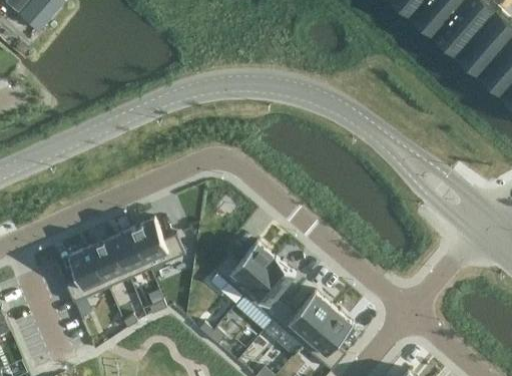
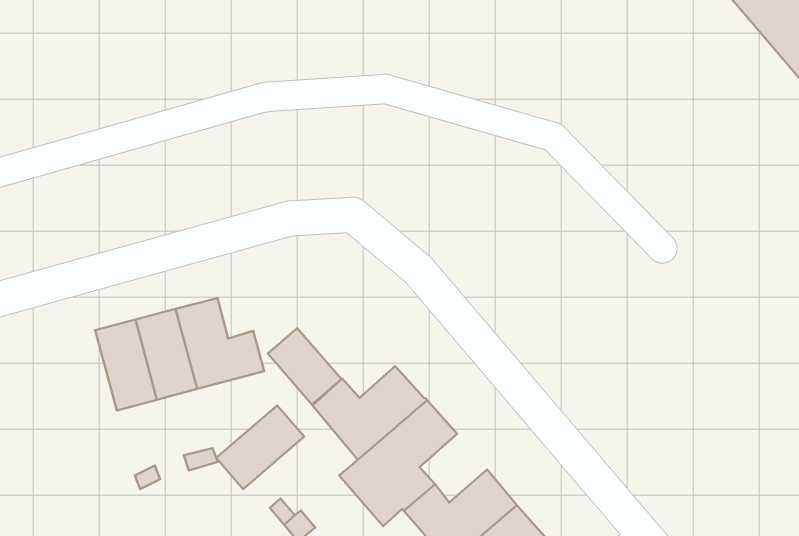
building: none -> [268,328,341,405]
building: [63,247,107,304] -> none
building: none -> [216,405,304,489]

